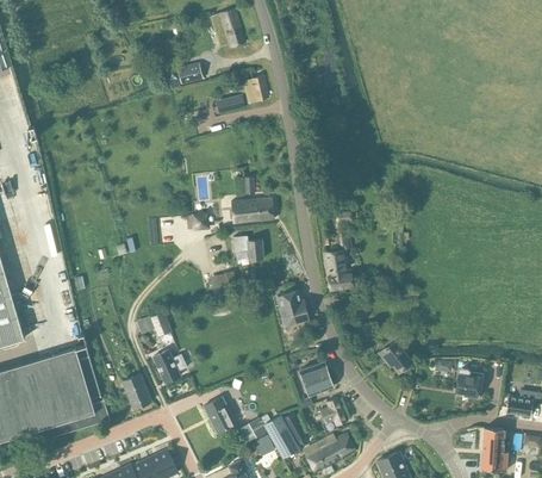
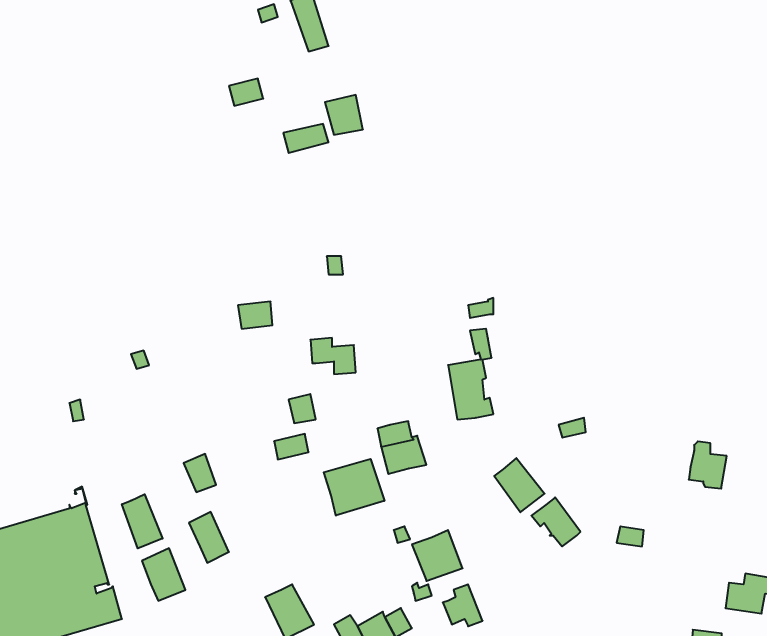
building: [230,198,274,223] -> none
building: none -> [494,458,545,512]
building: none -> [324,459,384,516]
building: none -> [122,494,163,548]
building: [454,367,479,398] -> [689,441,727,489]

